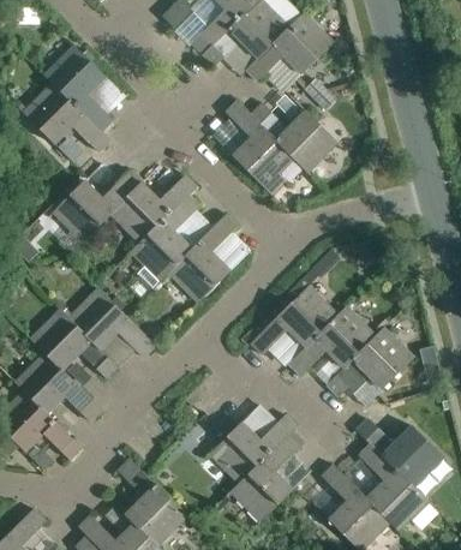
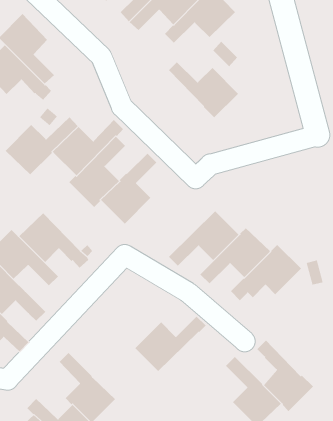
building: [224,100,294,197] -> none
building: [357,418,443,488] -> none
building: [230,435,300,522] -> none

